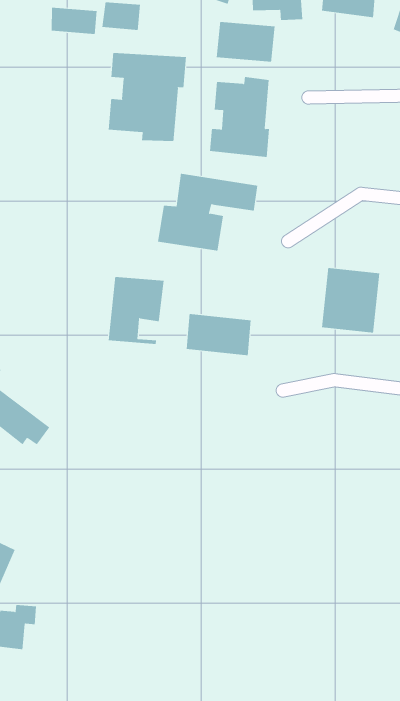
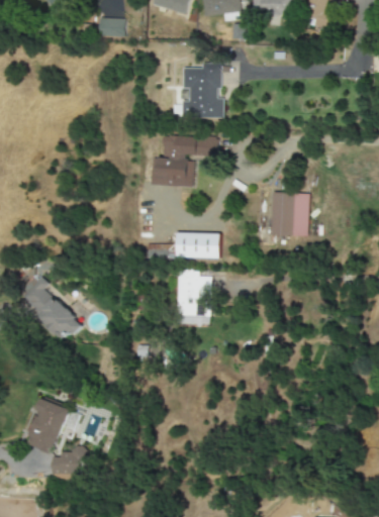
building: [51,7,97,35] -> none
building: [216,21,275,62] -> none
building: [108,52,186,142] -> none
building: [108,276,164,345] -> [175,270,211,315]

